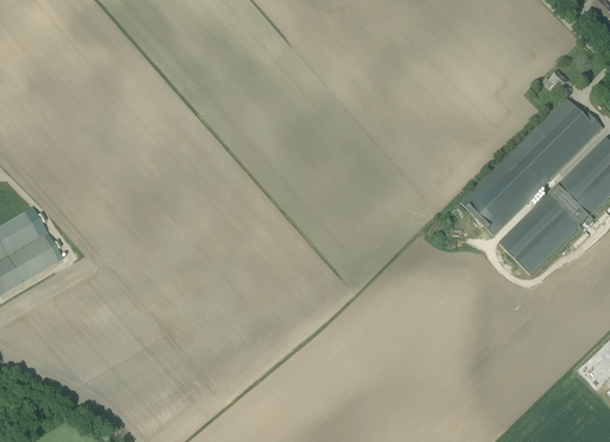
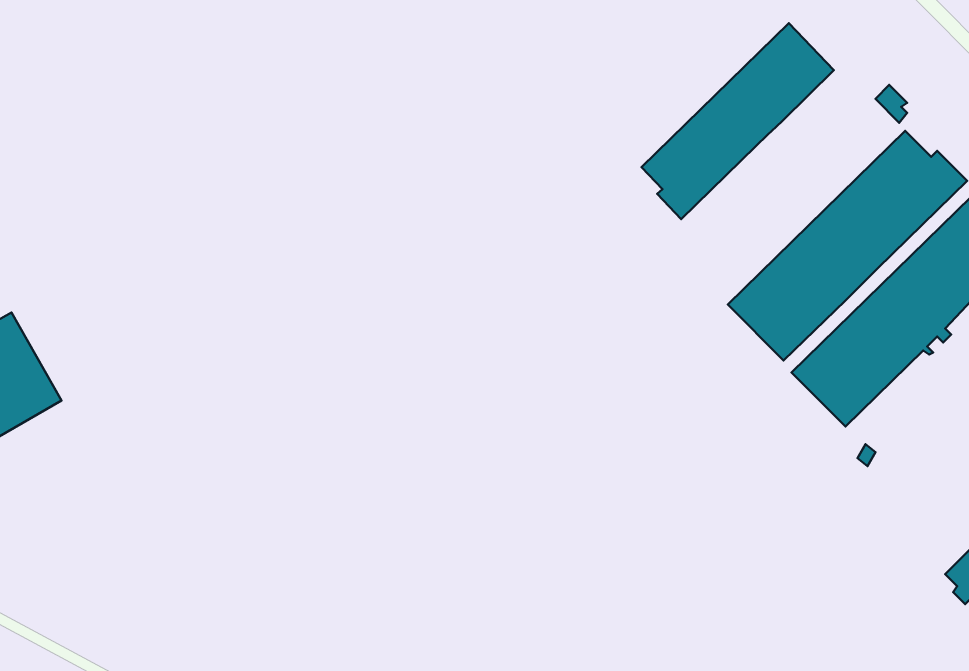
building: none -> [642,23,834,219]

